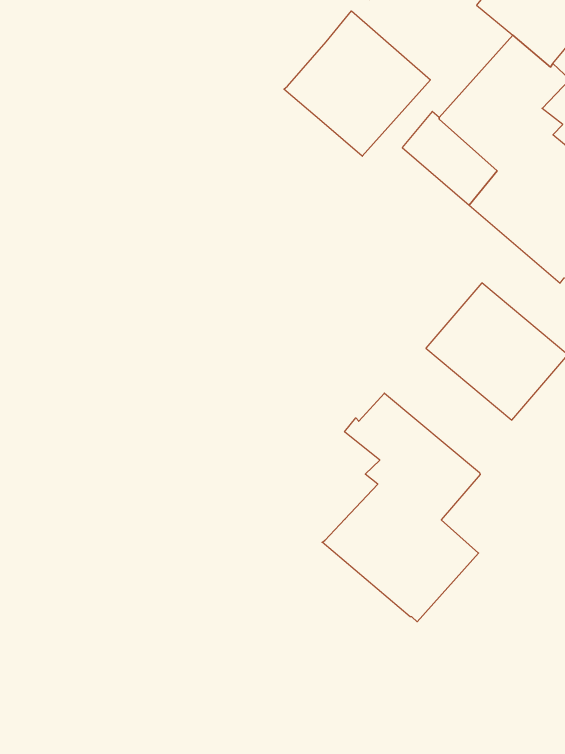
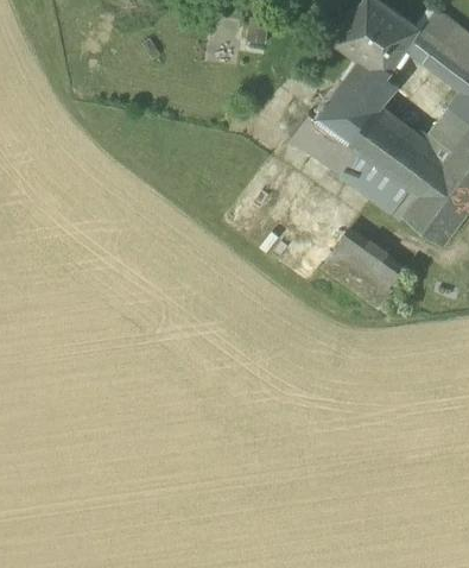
building: [284,11,430,156] -> none
building: [322,393,480,622] -> none

